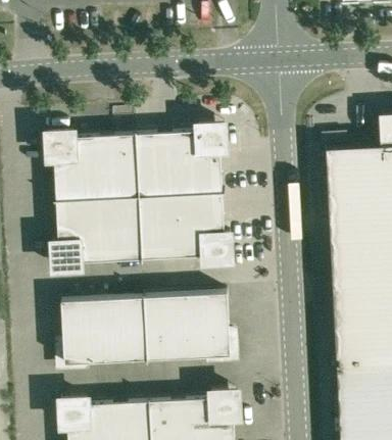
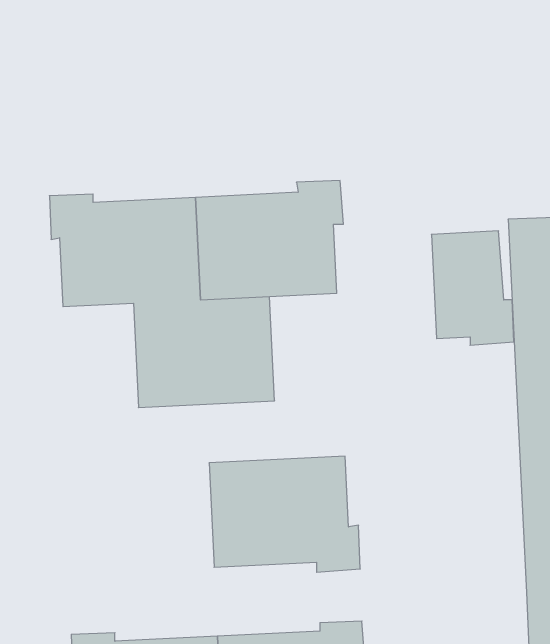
building: [181,192,231,261] -> [431,231,514,345]
building: [52,198,101,268] -> none
building: [57,295,147,369] -> none

